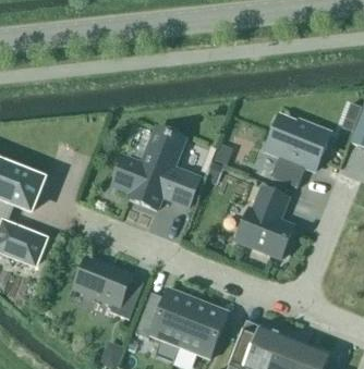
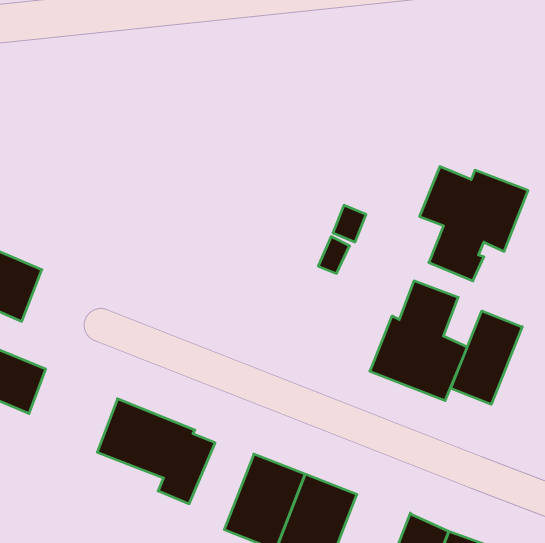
building: [112,128,199,208] -> none
building: none -> [451,311,522,404]

